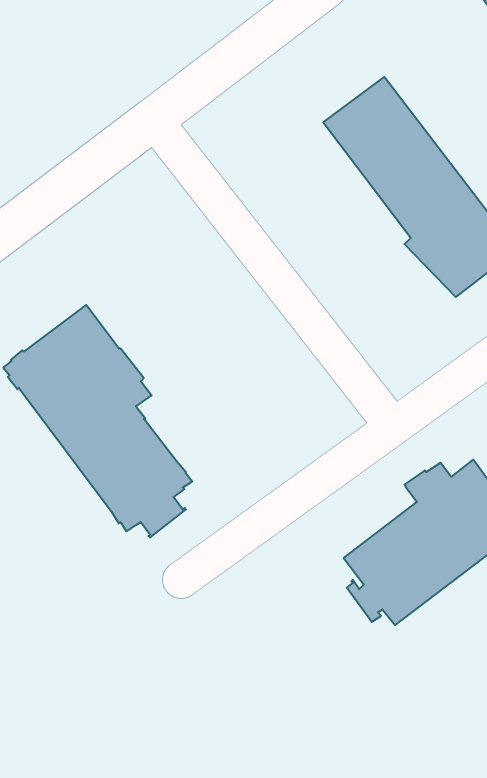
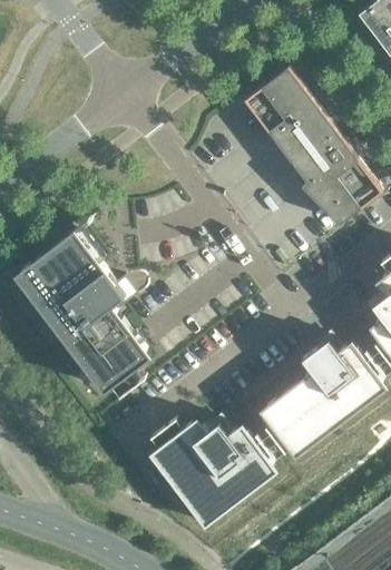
building: none -> [147,417,277,528]

